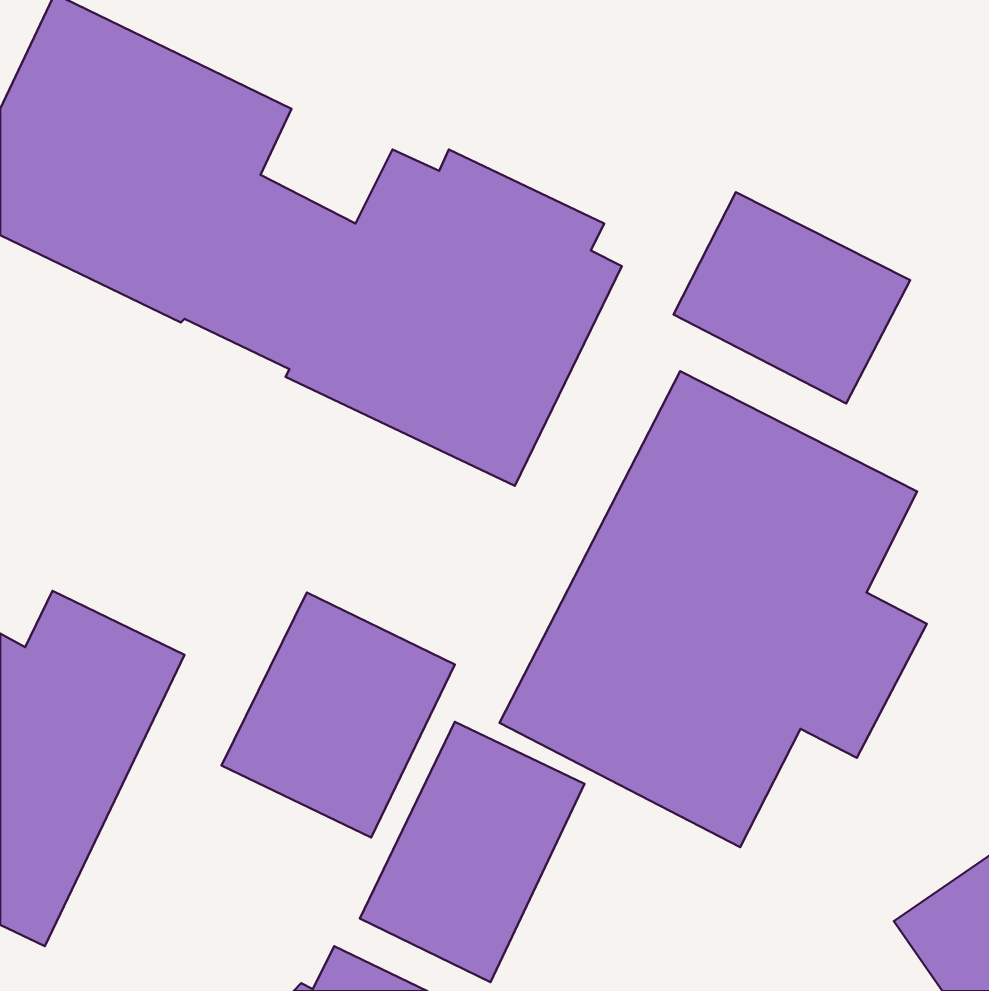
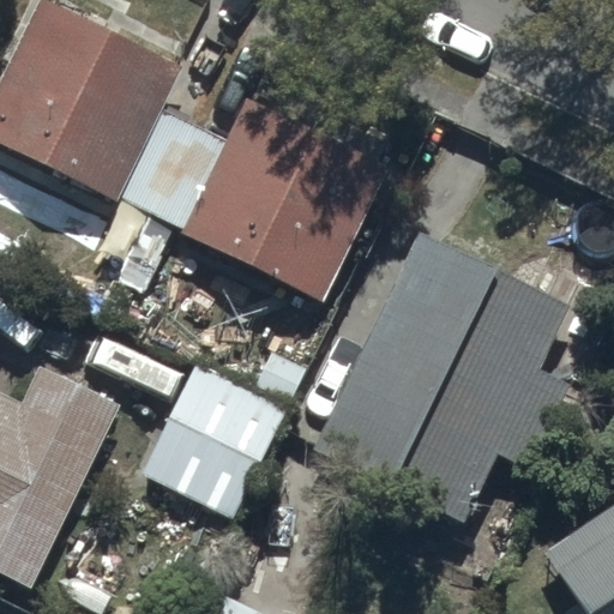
building: [674,192,910,403] -> none
building: [360,722,585,982] -> none

